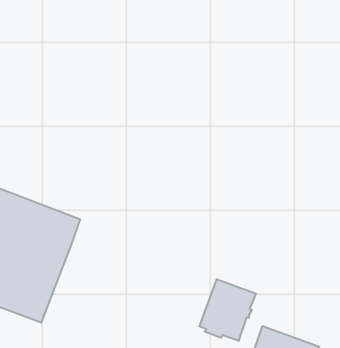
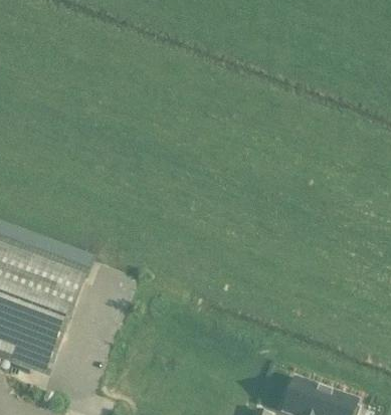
building: [199,279,256,341] -> none

